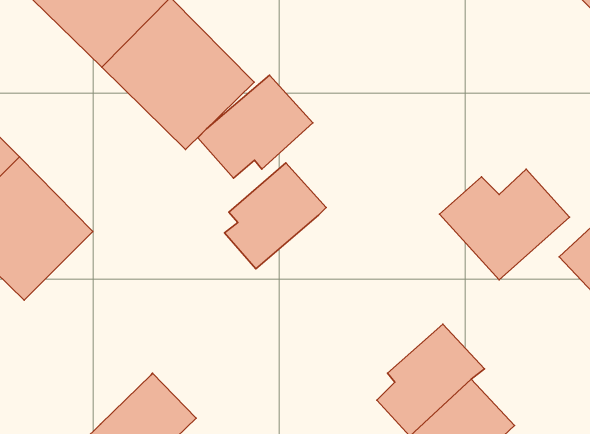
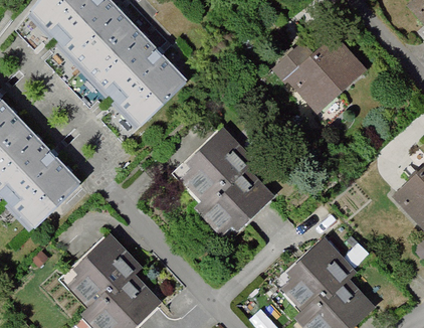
building: [198,75,313,178] -> [185,169,262,238]
building: [440,169,570,280] -> [266,44,354,119]
building: none -> [65,240,130,310]

